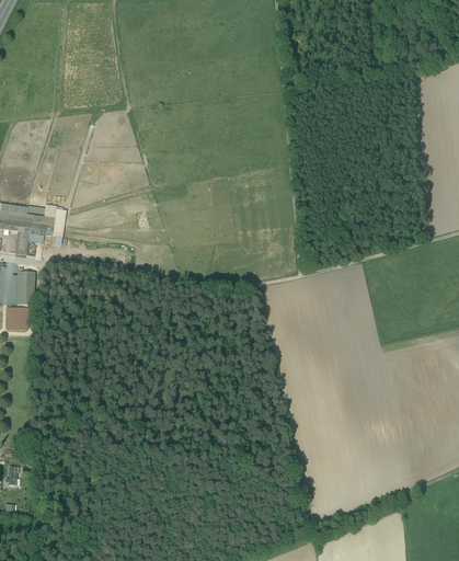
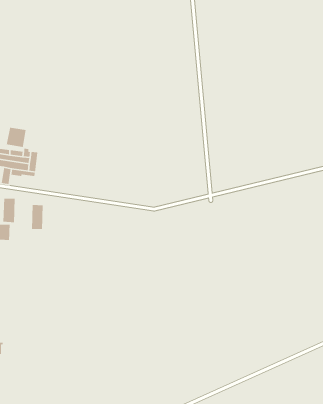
building: none -> [6,127,26,148]
building: none -> [31,204,44,230]

